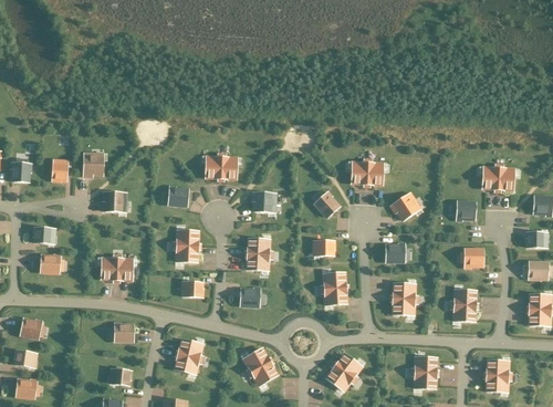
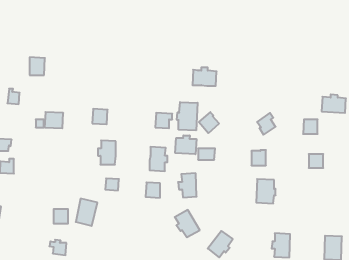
building: [83,152,104,176] -> [30,57,45,75]
building: [205,155,238,180] -> none
building: [351,160,384,186] -> [192,67,217,86]
building: none -> [177,102,198,130]
building: none -> [175,135,196,154]
building: [101,257,133,281] -> none
building: [322,272,347,305] -> [178,173,197,197]
building: [452,290,477,322] -> none
building: [174,337,204,375] -> [76,199,97,226]
building: [244,347,279,385] -> [175,210,200,237]

